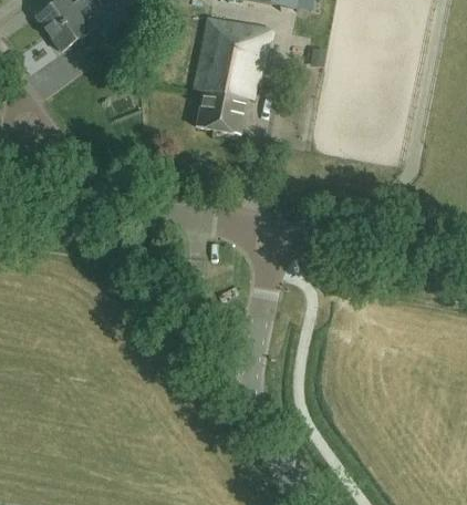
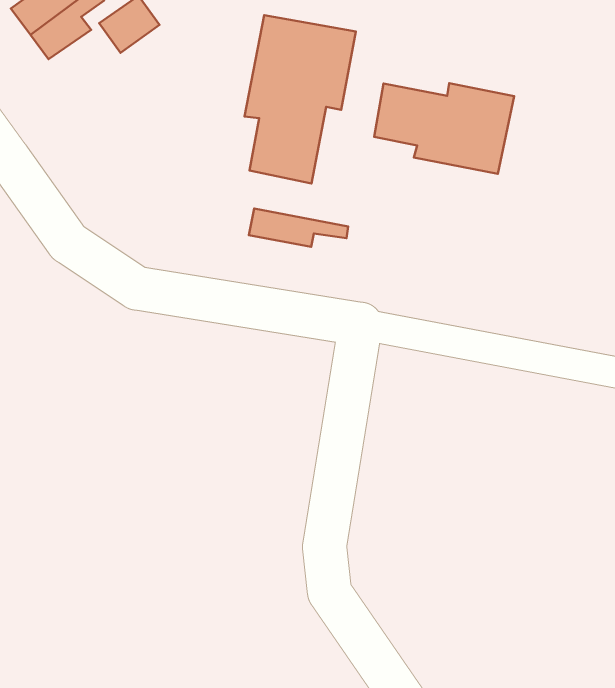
building: none -> [374,83,514,174]
building: none -> [249,208,348,247]

